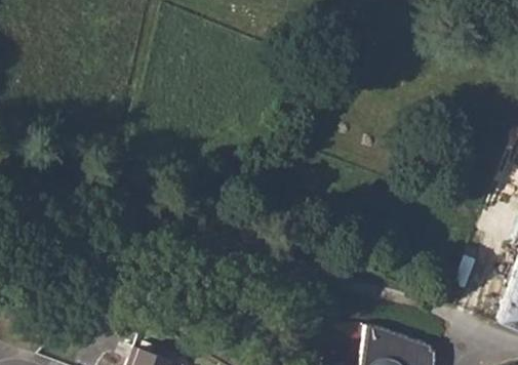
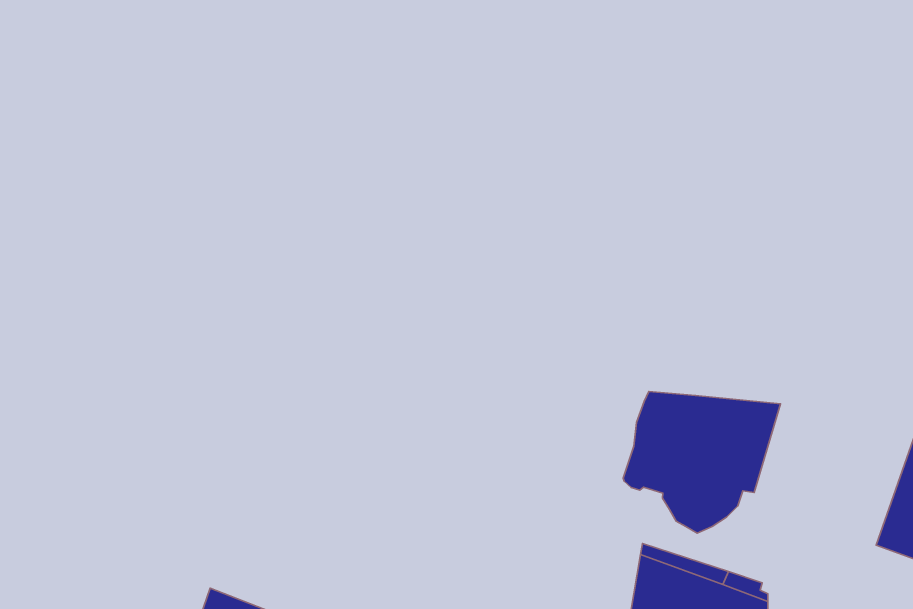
building: none -> [623,392,781,533]

